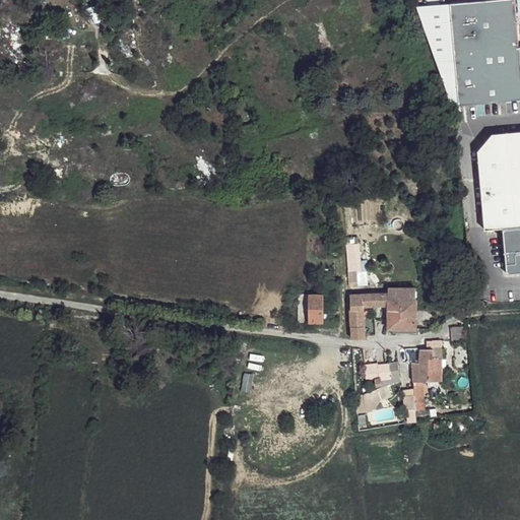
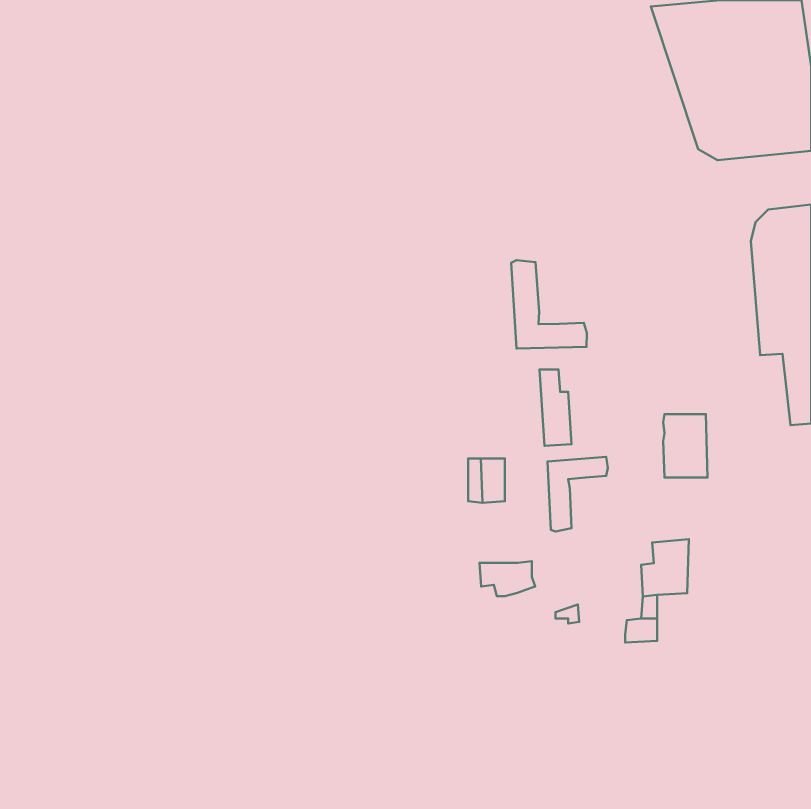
building: none -> [511,260,587,349]
building: [388,288,416,329] -> [663,414,707,478]
building: [365,364,400,386] -> [479,561,535,596]

